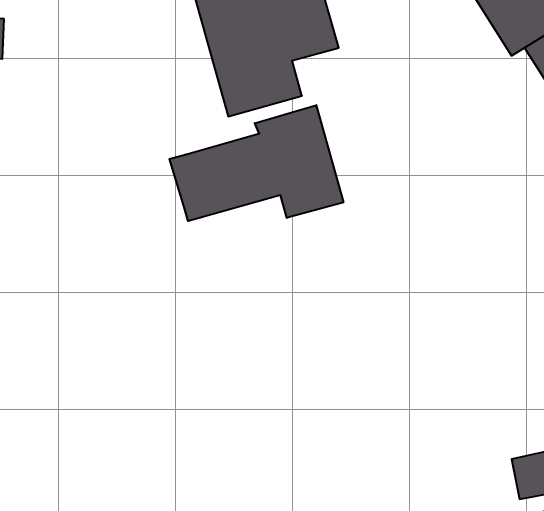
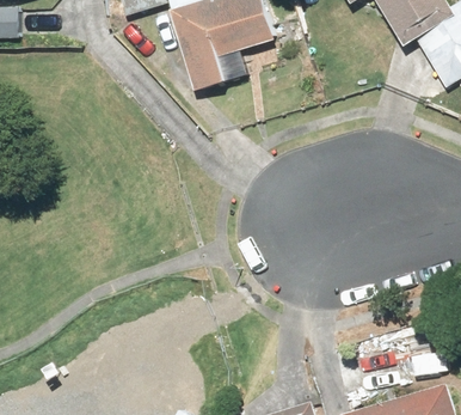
building: [169,105,343,221] -> none

